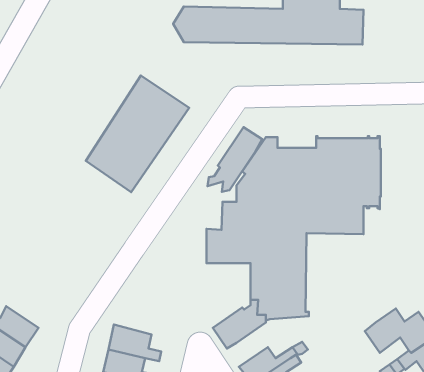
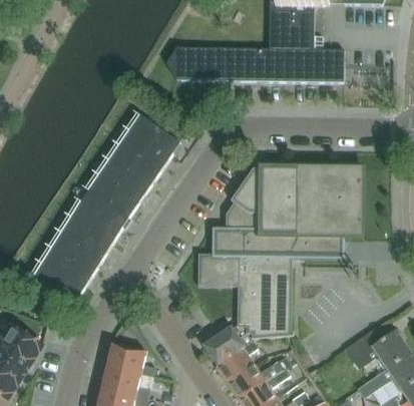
building: [208,127,262,192] -> none
building: none -> [29,189,128,305]
building: none -> [218,340,260,381]

